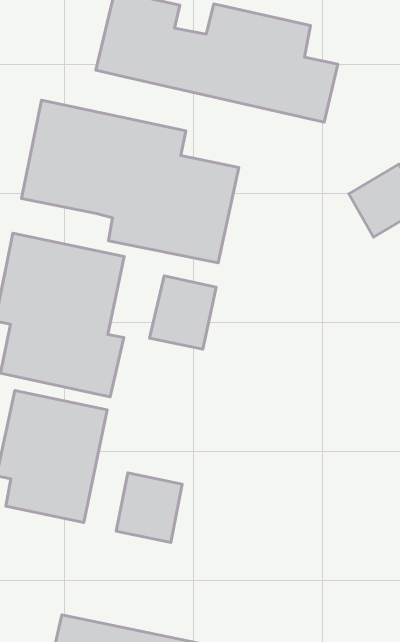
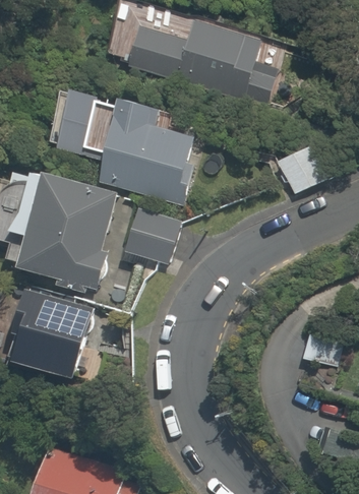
building: [116,473,182,543] -> none

